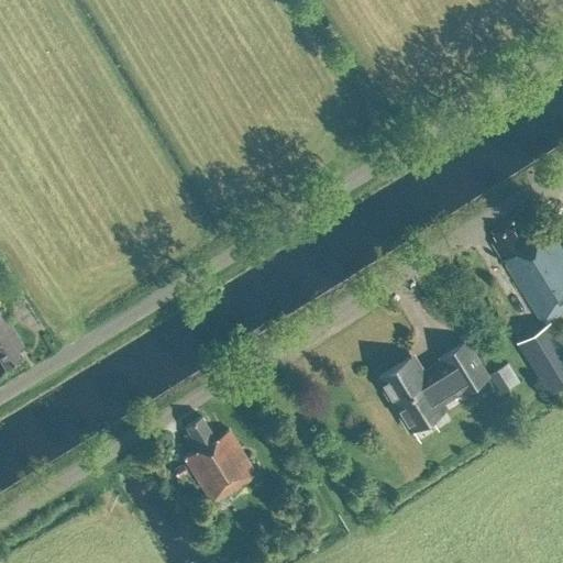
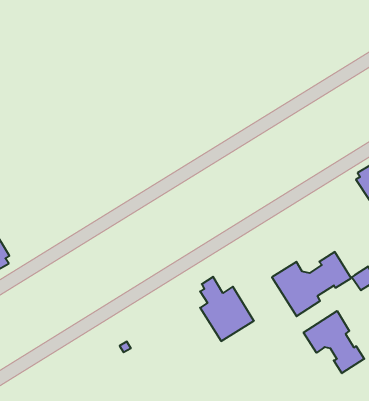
building: [184,418,256,505] -> [200,277,254,341]
building: none -> [304,311,364,373]

